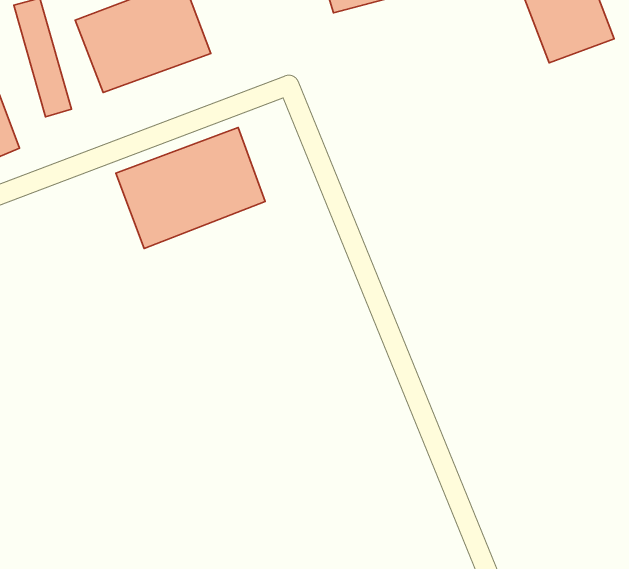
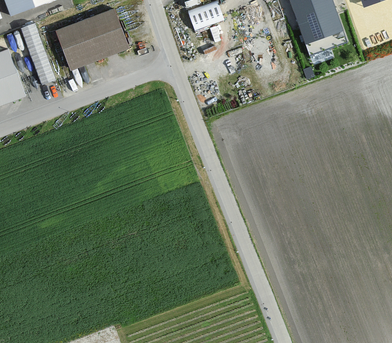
building: [116,128,265,248] -> none

